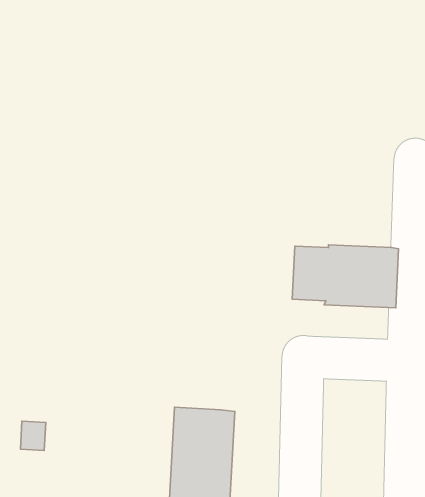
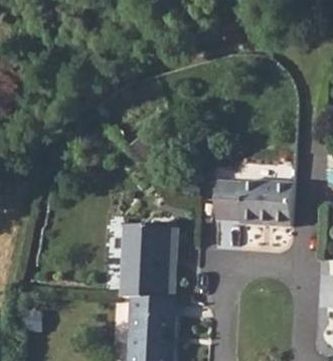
building: none -> [121,223,170,297]

